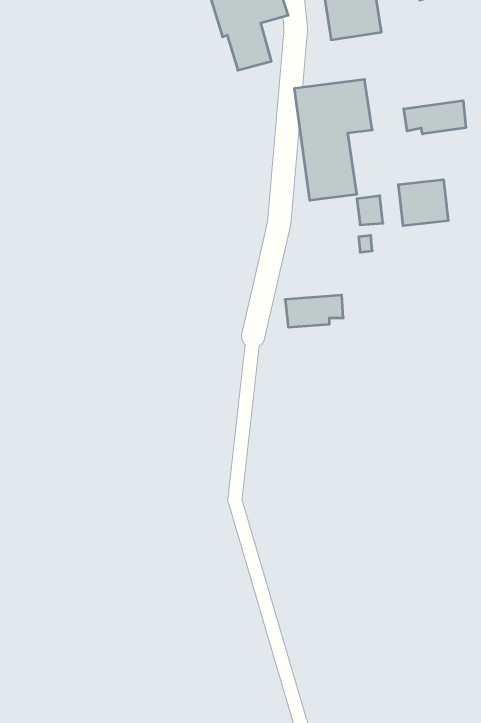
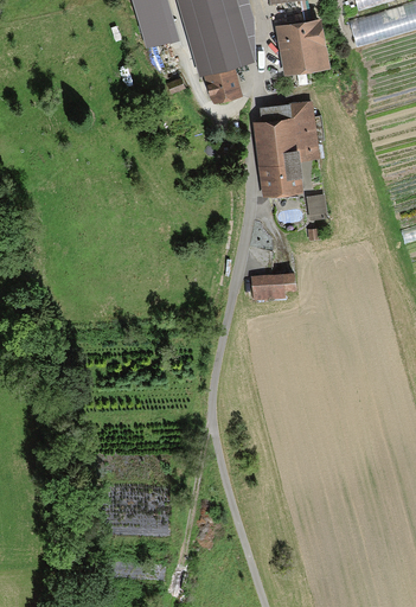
building: [404,101,466,134] -> none
building: [398,180,448,226] -> none

